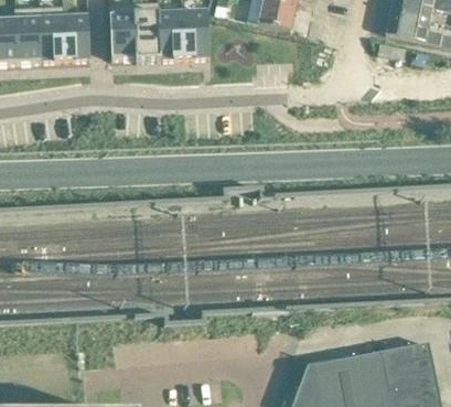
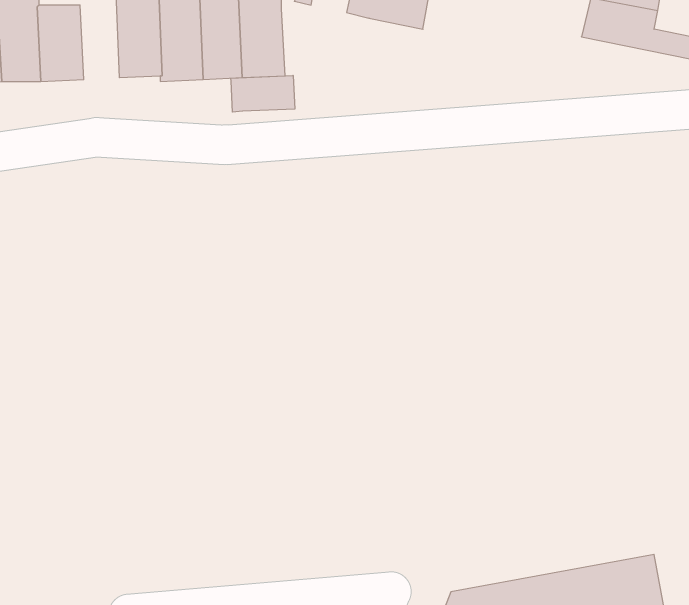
building: none -> [231,75,295,112]

